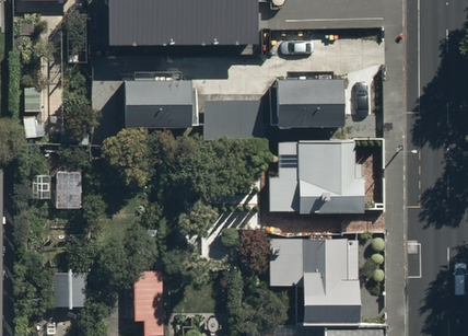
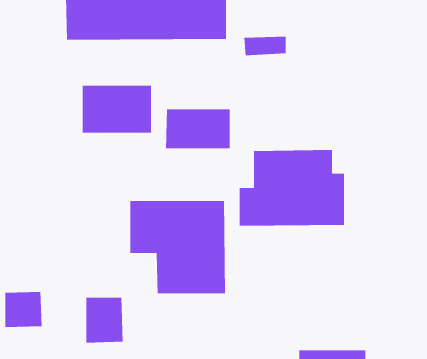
building: [274,81,344,129] -> none
building: [270,236,359,323] -> [130,200,226,294]

